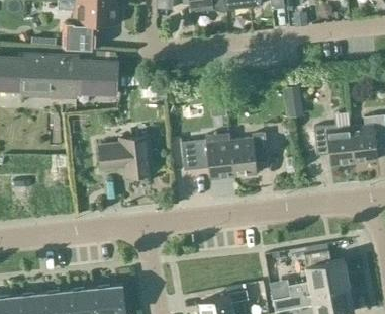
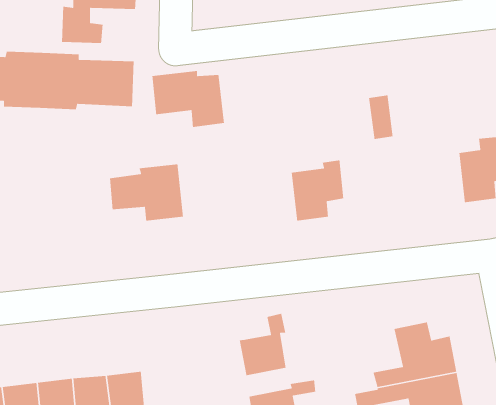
building: [313,127,354,166] -> none
building: [181,139,233,180] -> [151,70,225,128]
building: none -> [239,313,287,376]

